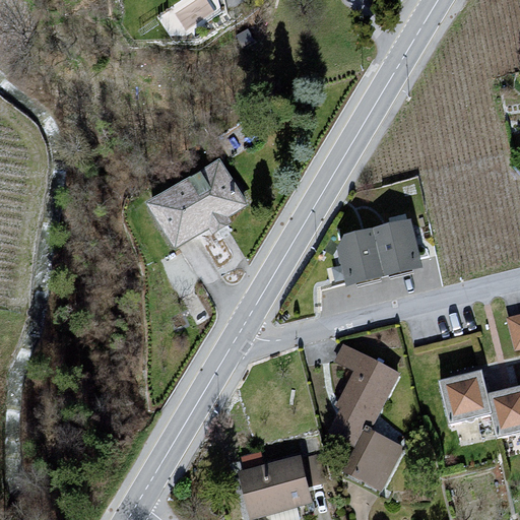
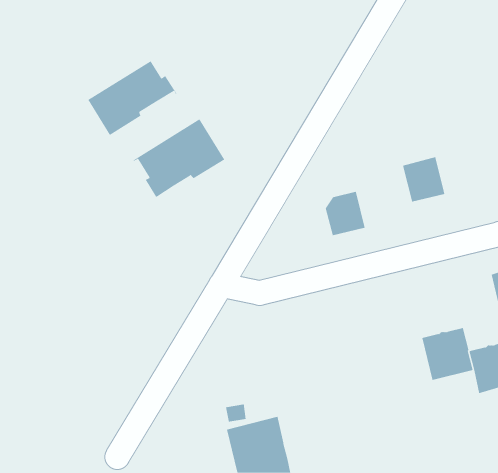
building: none -> [87,58,177,136]
building: [375,224,417,270] -> [402,156,445,202]
building: [333,343,400,485] -> none

